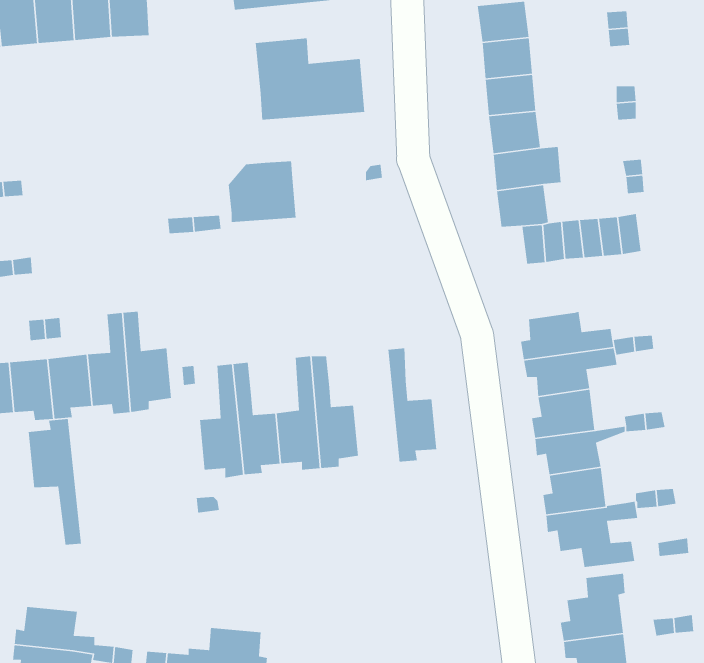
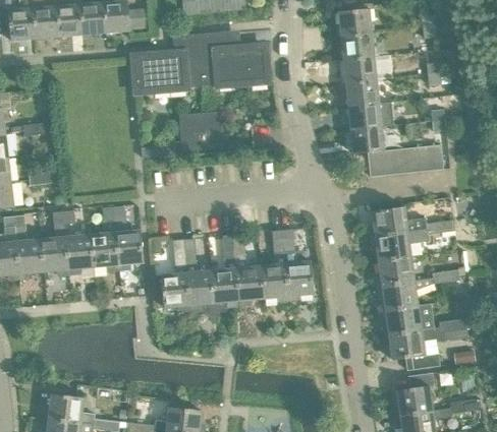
building: none -> [133,36,201,91]
building: none -> [260,231,288,304]
building: [28,418,82,546] -> none

